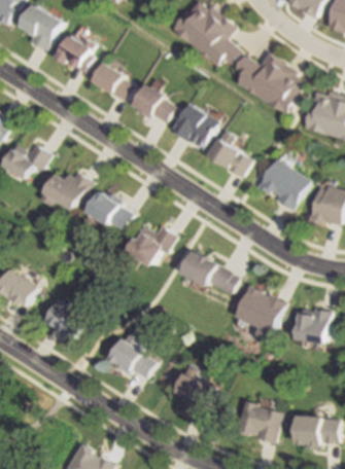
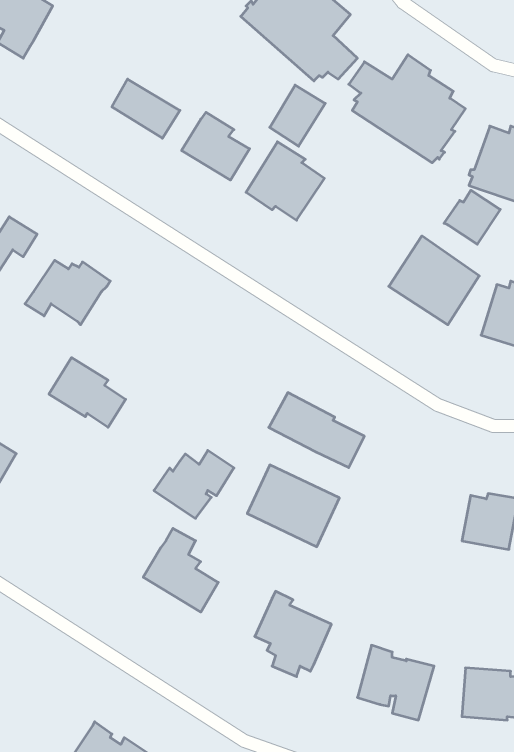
building: [53,33,90,73] -> none
building: none -> [270,85,325,146]
building: none -> [444,190,500,244]
building: [208,141,247,175] -> none
building: [87,189,132,230] -> [49,358,126,427]
building: [129,224,176,264] -> [154,450,234,518]
building: [237,286,291,334] -> [247,465,339,547]
building: [44,300,85,338] -> none

